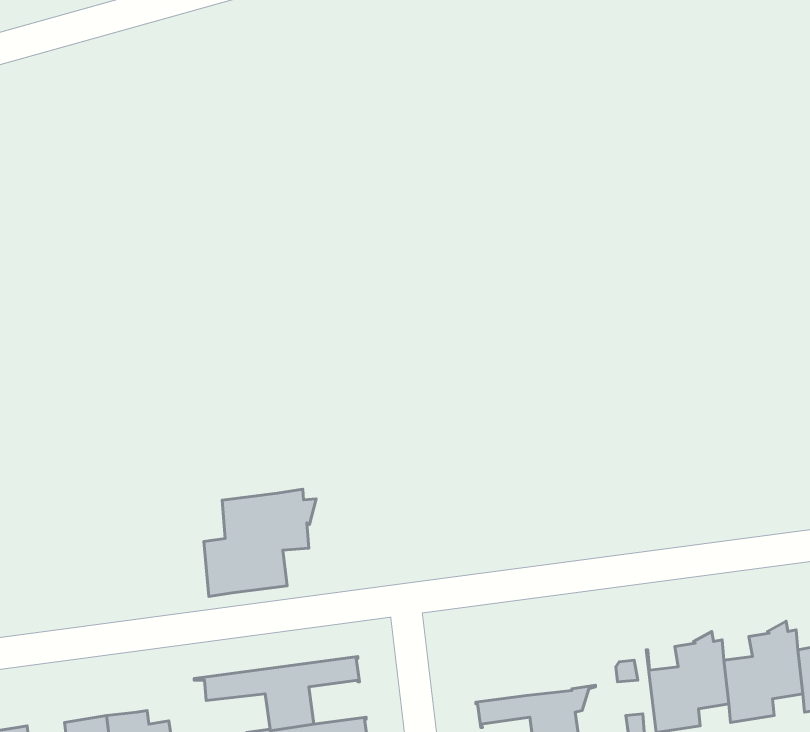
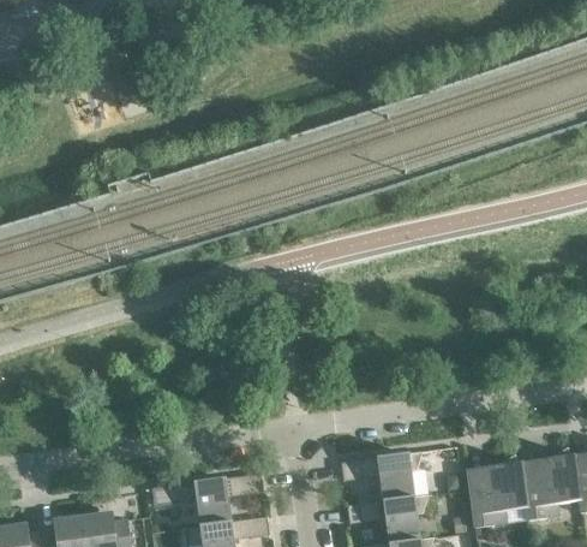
building: [204,489,316,596] -> none
building: none -> [340,450,425,500]

